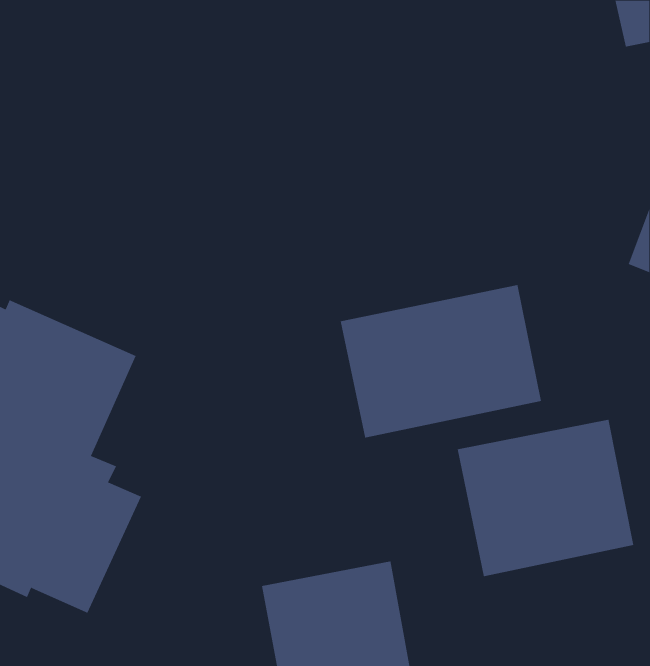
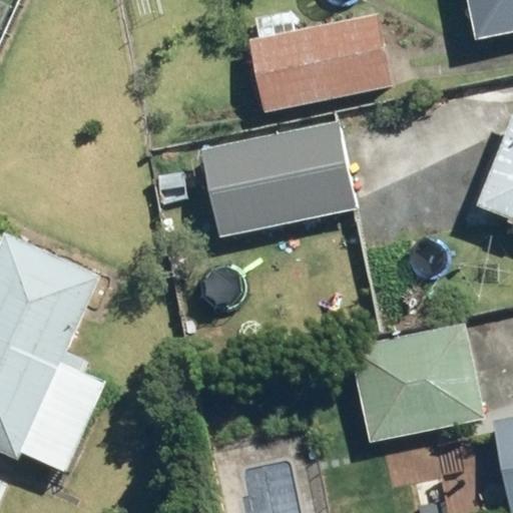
building: none -> [248,11,392,113]
building: [340,284,542,438] -> [201,121,356,238]

